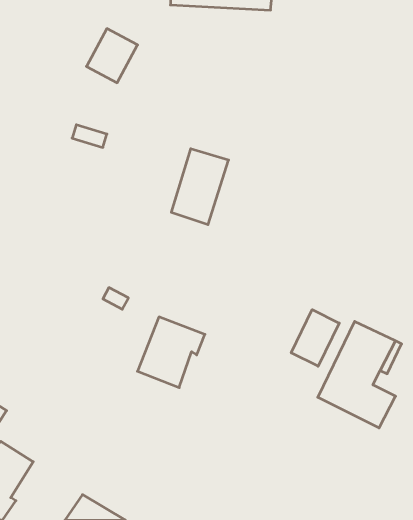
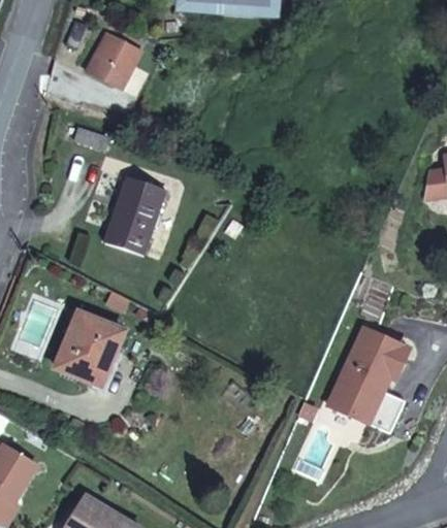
building: [171,149,229,225] -> [108,177,166,254]
building: [291,310,339,366] -> none
building: [137,317,205,388] -> [59,315,127,386]

